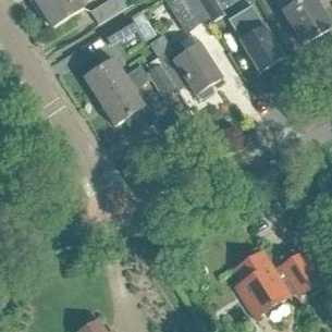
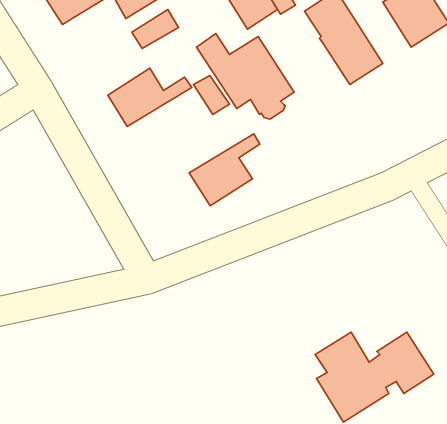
building: [99,73,150,125] -> [189,134,260,206]

